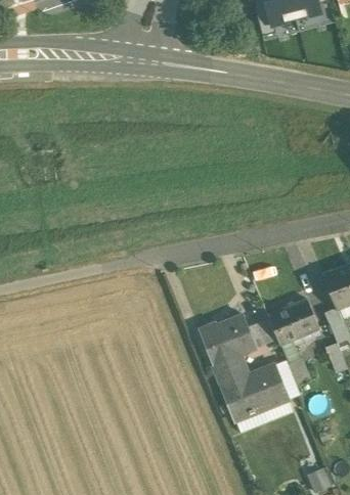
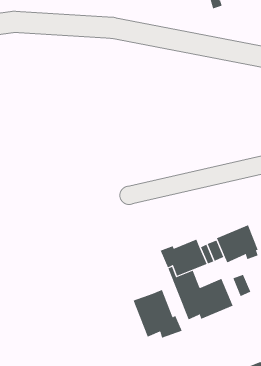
building: none -> [133,289,182,339]

